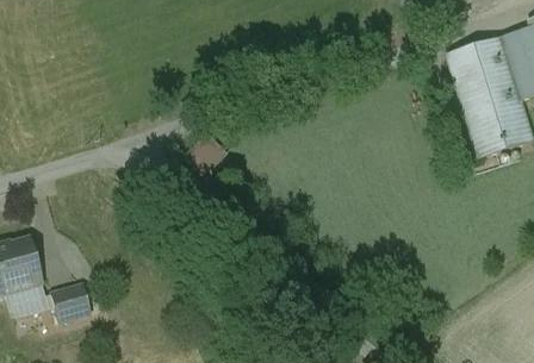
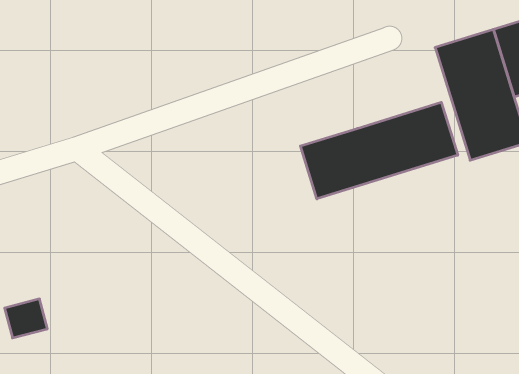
building: none -> [300,102,458,199]

